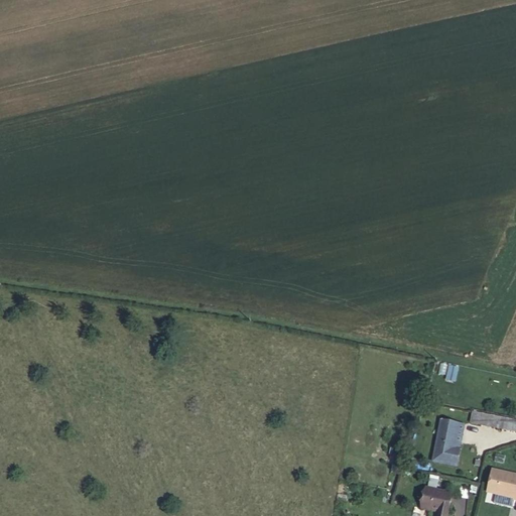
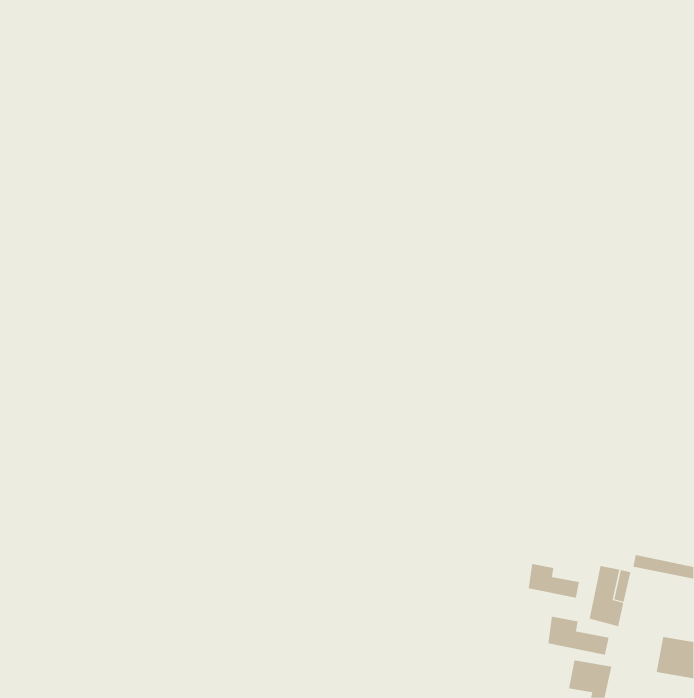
building: none -> [528,563,580,598]
building: none -> [548,616,609,656]

